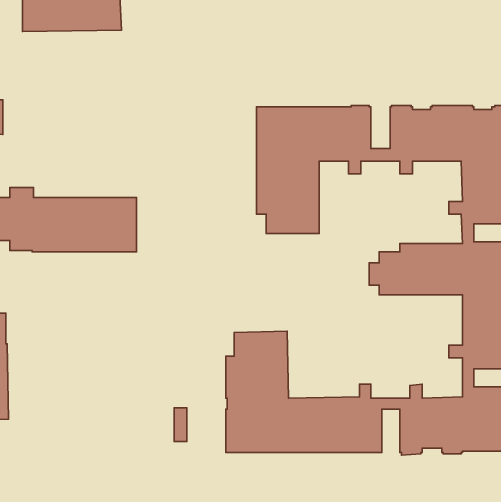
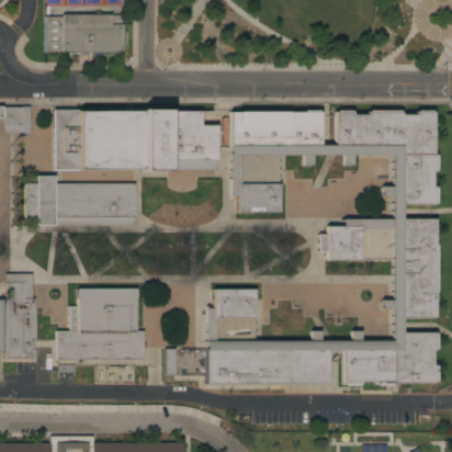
building: none -> [55,110,221,171]
building: none -> [59,289,146,359]

